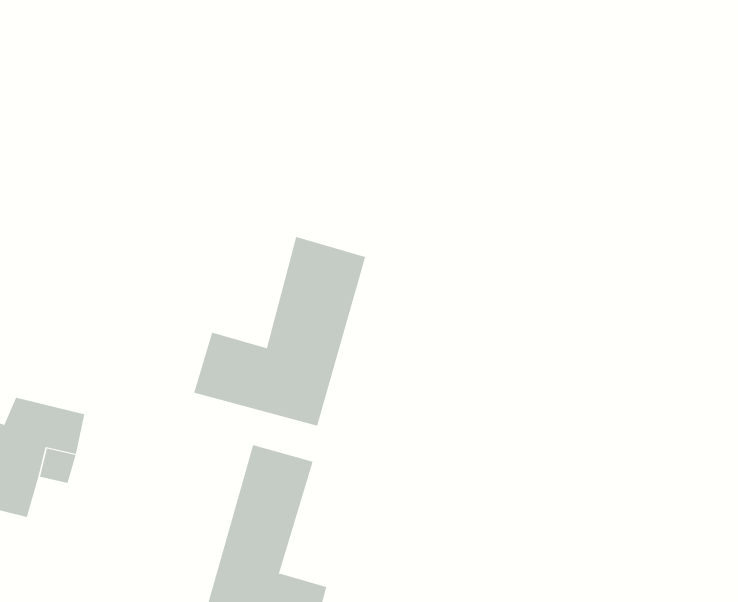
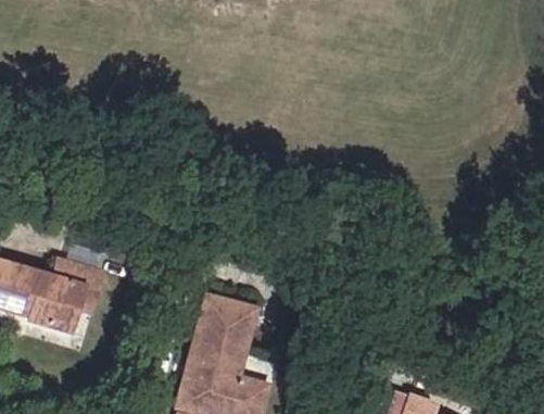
building: [194,236,366,426] -> none

